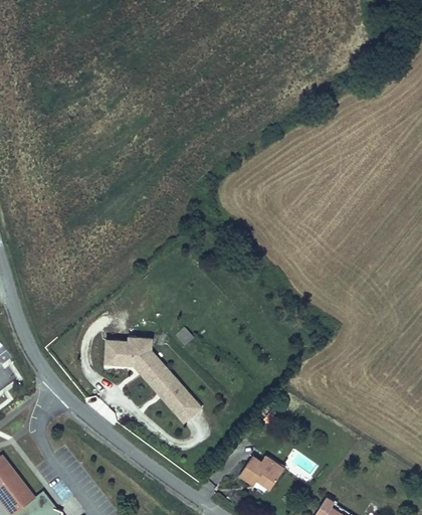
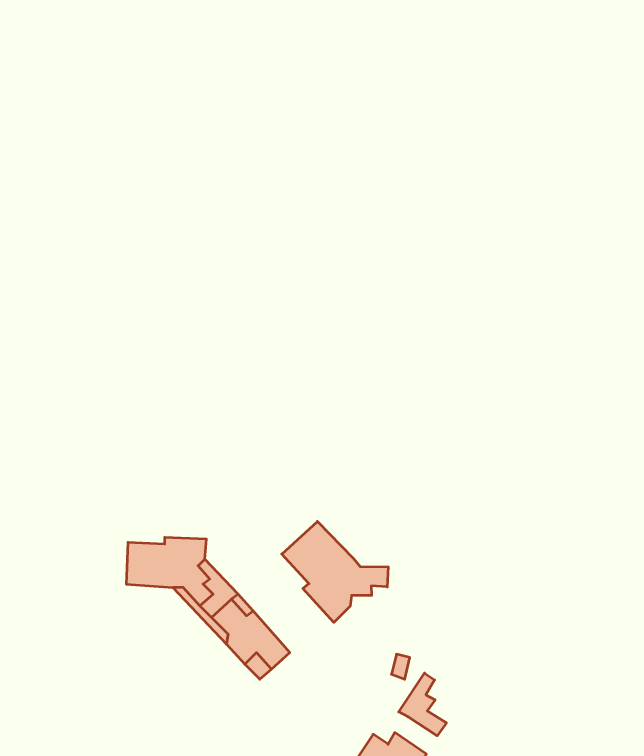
building: none -> [282,521,388,622]
building: none -> [399,673,446,736]

